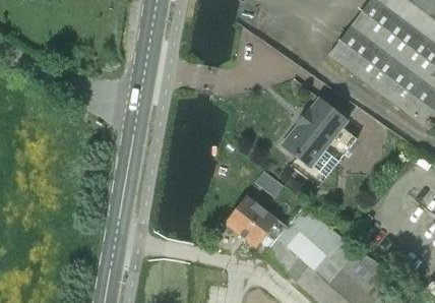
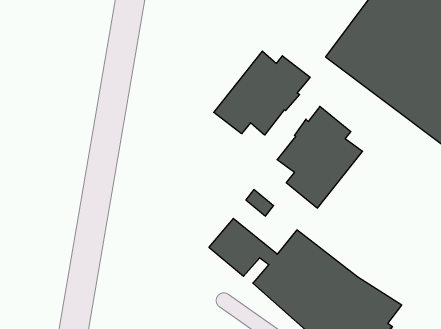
building: none -> [214,51,310,135]

